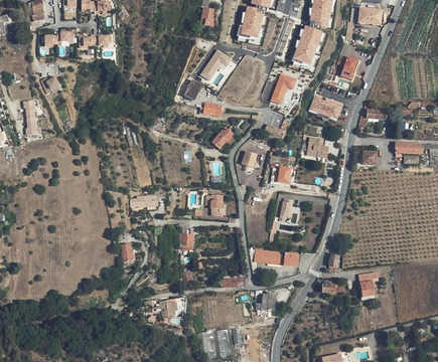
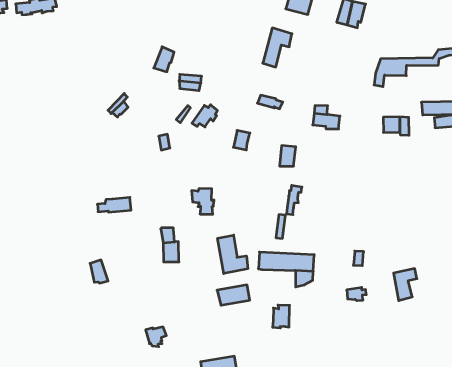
building: [200,49,232,79] -> none
building: [309,94,342,120] -> none
building: none -> [218,235,248,274]

